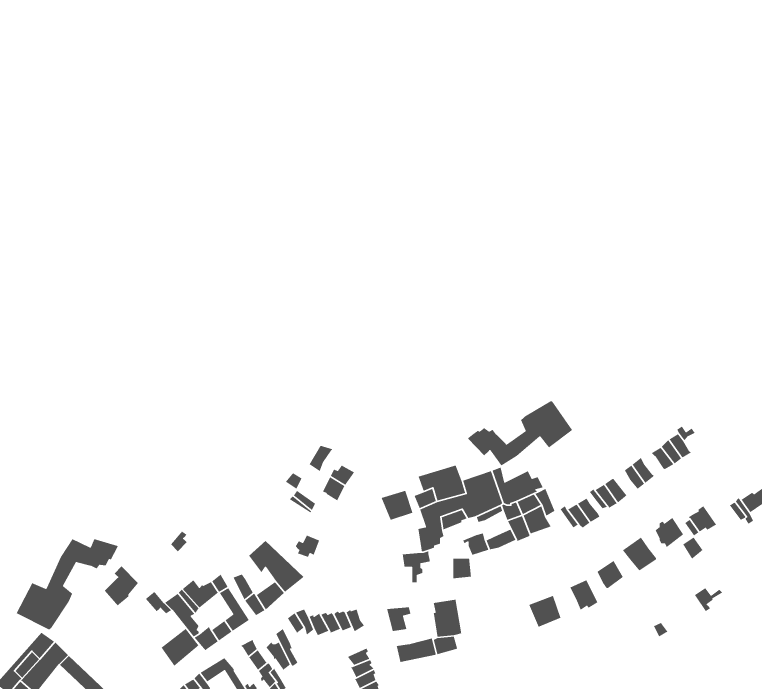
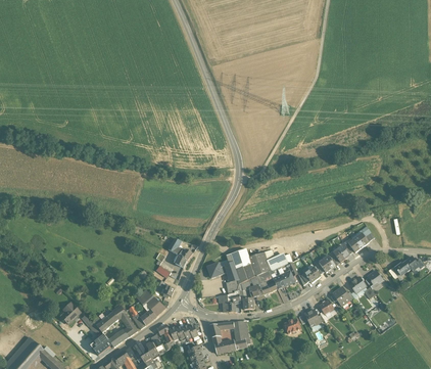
building: [467,400,573,466] -> none
building: [15,538,119,630] -> none

